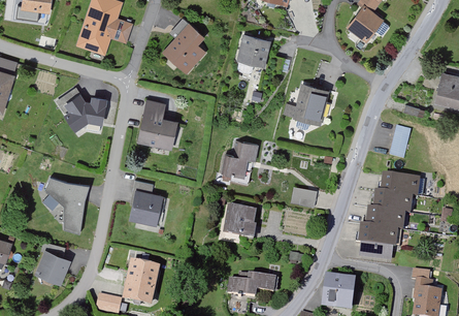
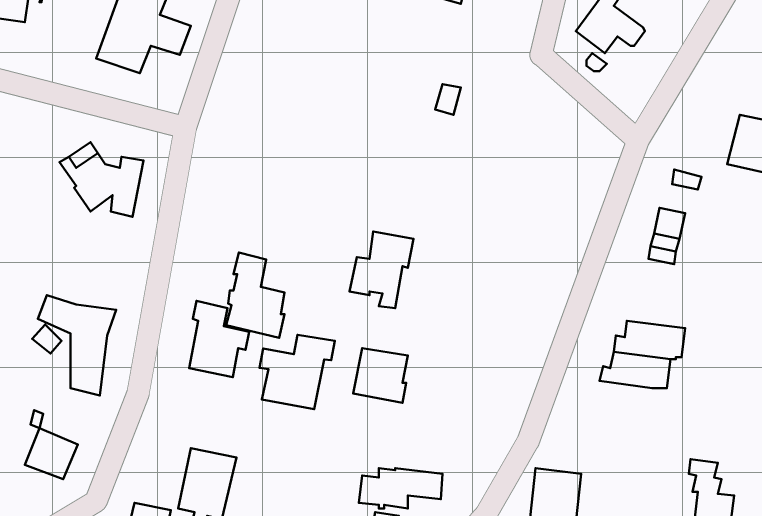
building: [164,15,205,71] -> none
building: [238,34,270,70] -> none
building: [296,85,326,129] -> none
building: [141,98,174,147] -> [226,252,285,338]
building: [379,172,423,194] -> none
building: [293,186,319,207] -> none
building: none -> [260,335,335,409]
building: [357,224,400,257] -> none

